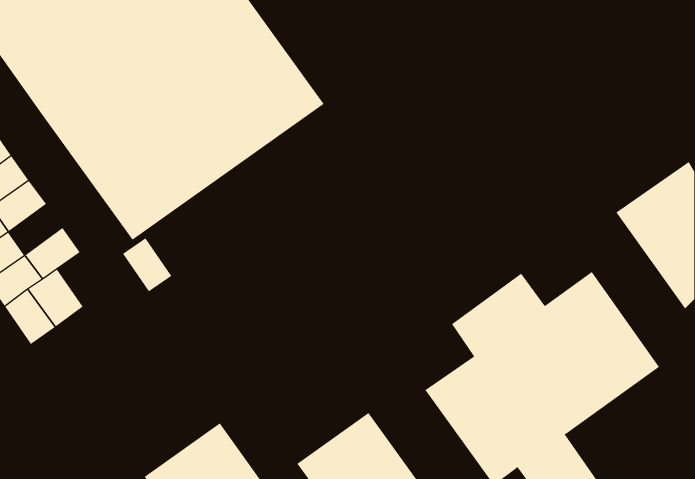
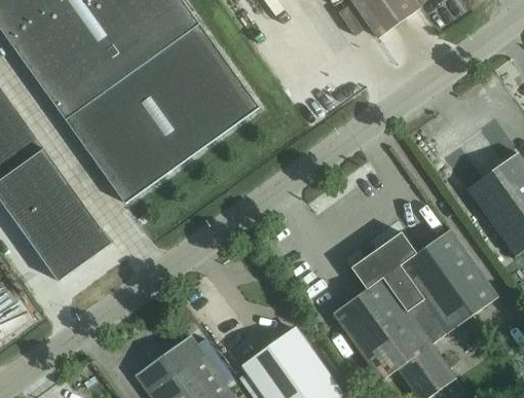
building: none -> [42,182,80,218]
building: [122,238,172,292] -> [76,216,111,254]

